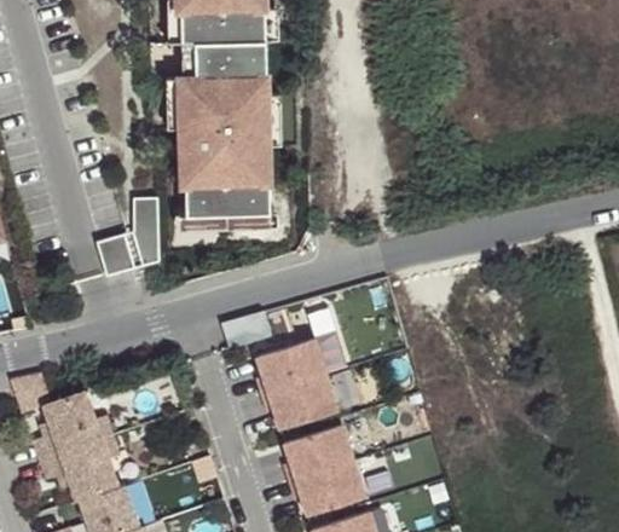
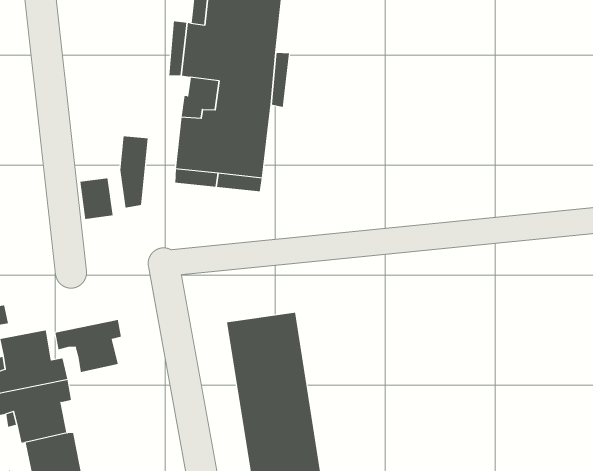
building: none -> [55,319,122,373]

